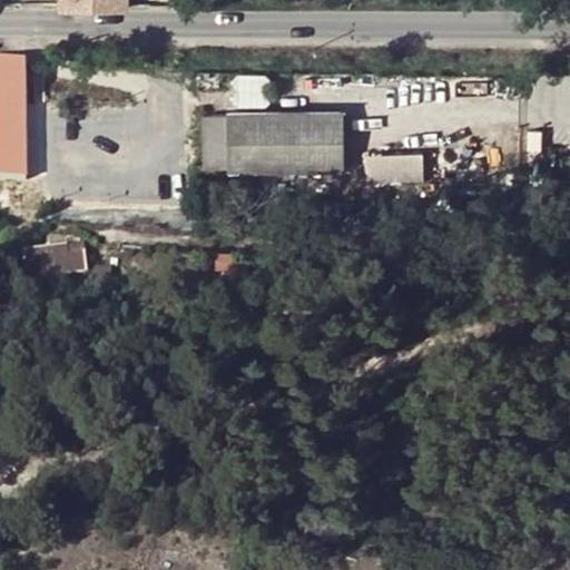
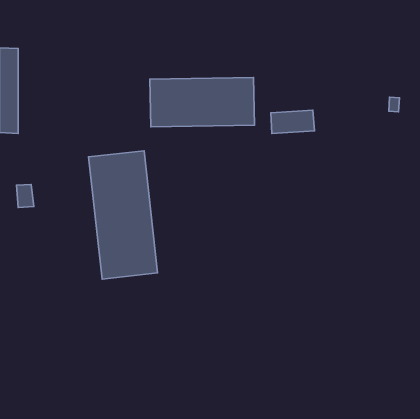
building: none -> [88,151,158,279]
building: [42,249,86,282] -> none

